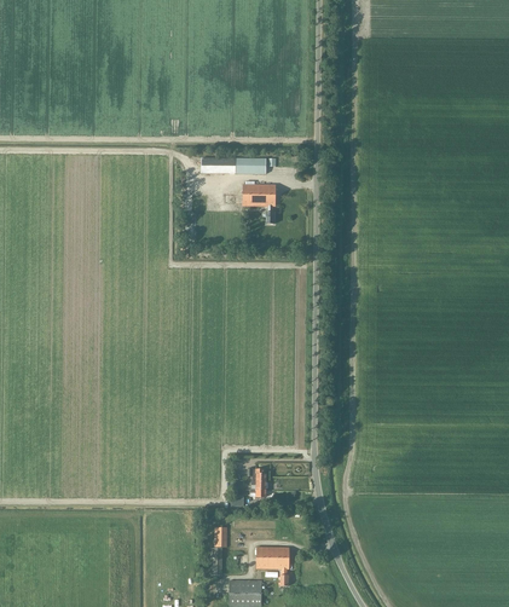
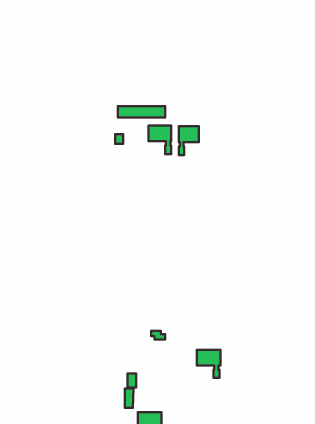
building: none -> [179,126,199,155]
building: [256,547,289,585] -> [197,350,220,378]

